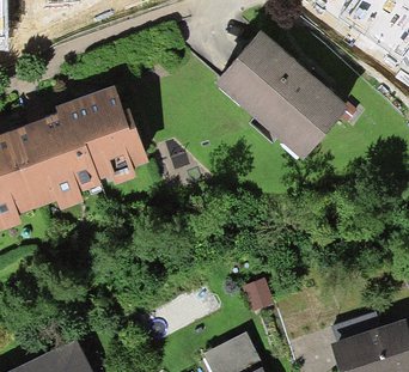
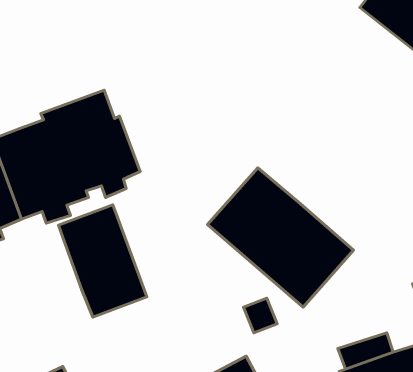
building: [214,31,349,160] -> [208,168,353,307]
building: none -> [59,205,147,317]

